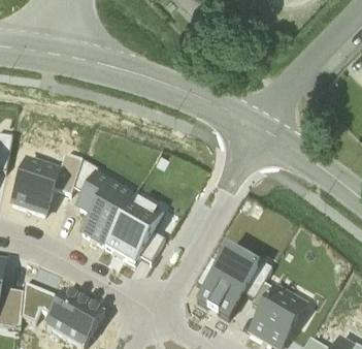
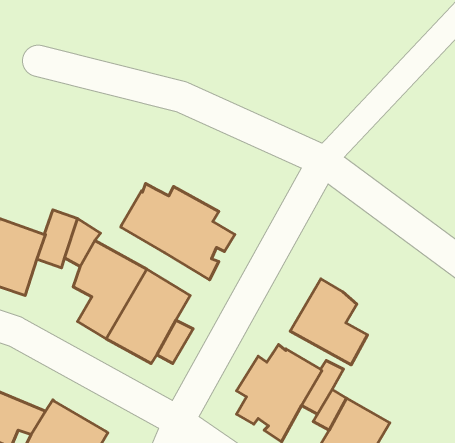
building: none -> [121,184,235,280]
building: none -> [290,279,367,365]

